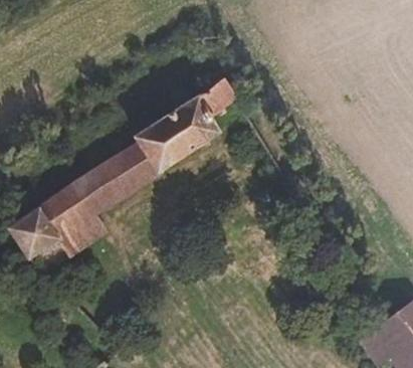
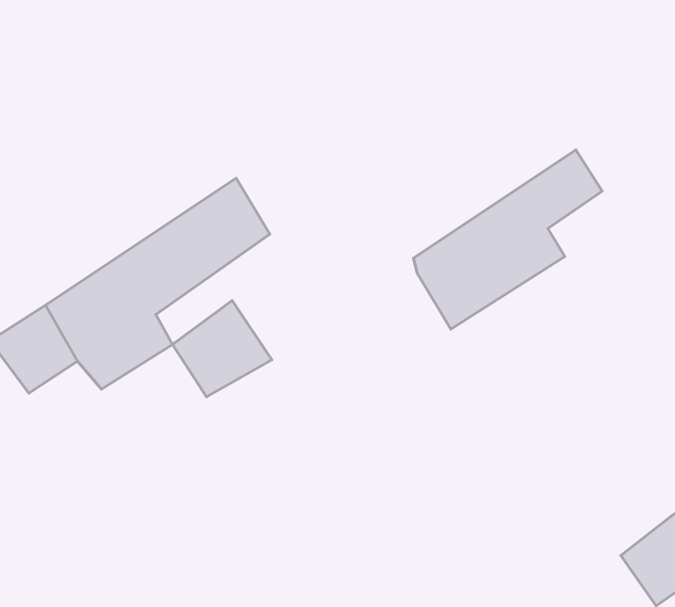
building: [148,68,249,165] -> [413,150,602,329]
building: none -> [173,301,272,397]

